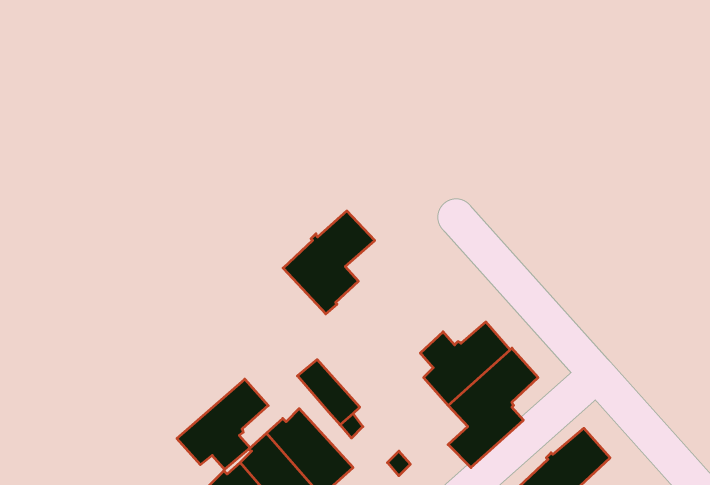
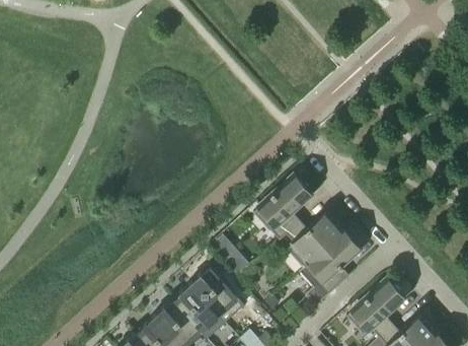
building: [283,211,375,314] -> [253,176,310,239]
building: [177,379,268,470] -> none

